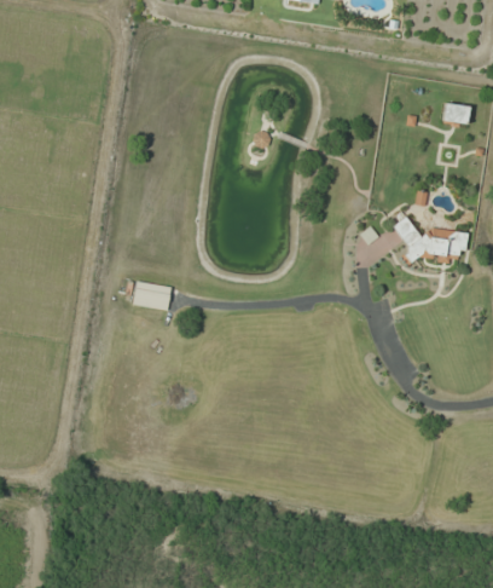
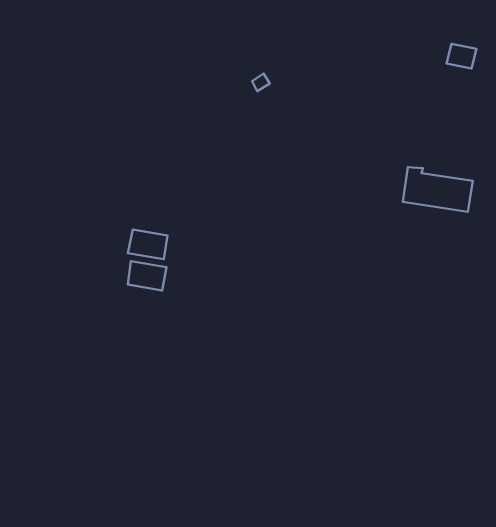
building: none -> [128,261,167,290]

